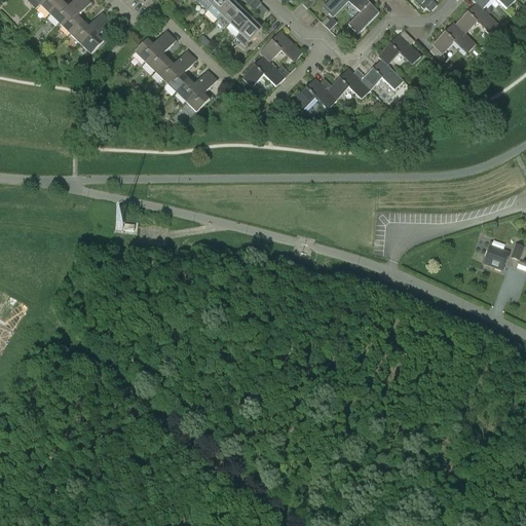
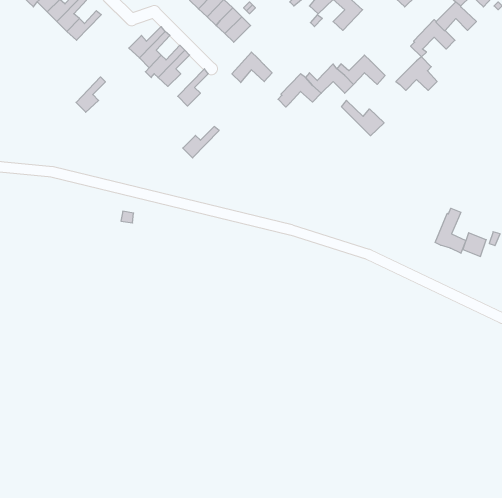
building: [80,15,111,52] -> [76,77,105,112]
building: [377,29,420,64] -> [396,57,437,90]
building: [260,30,302,61] -> none
building: [176,68,214,101] -> [183,127,219,158]
building: none -> [342,100,384,136]
building: none -> [435,208,466,253]

